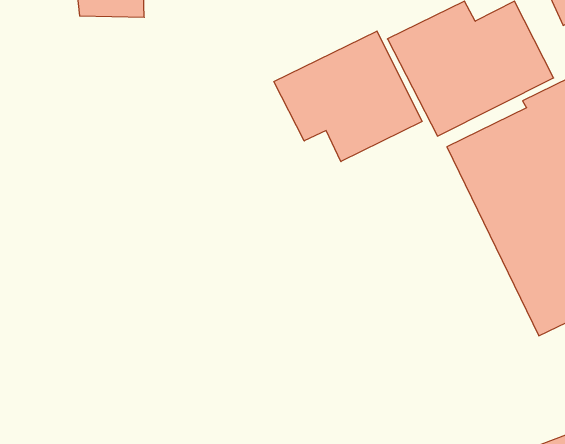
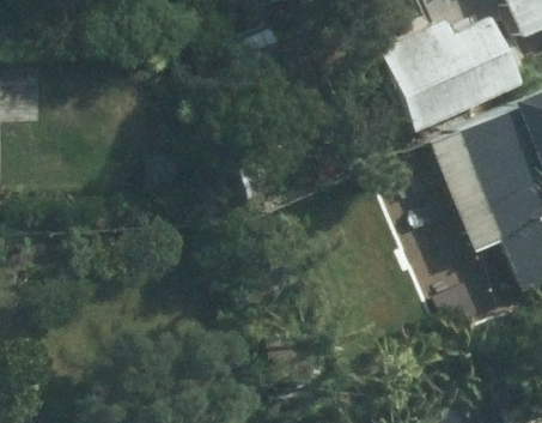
building: [274,31,422,162] -> none

